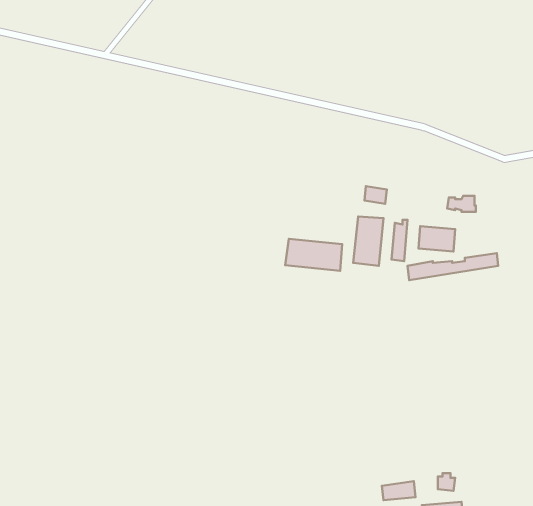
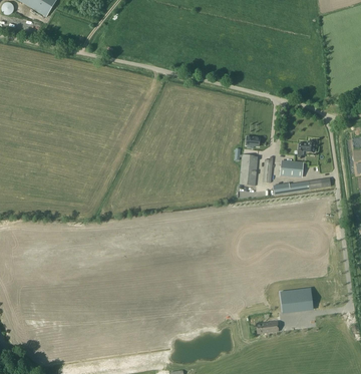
building: [285,239,342,271] -> none
building: none -> [280,288,313,311]

